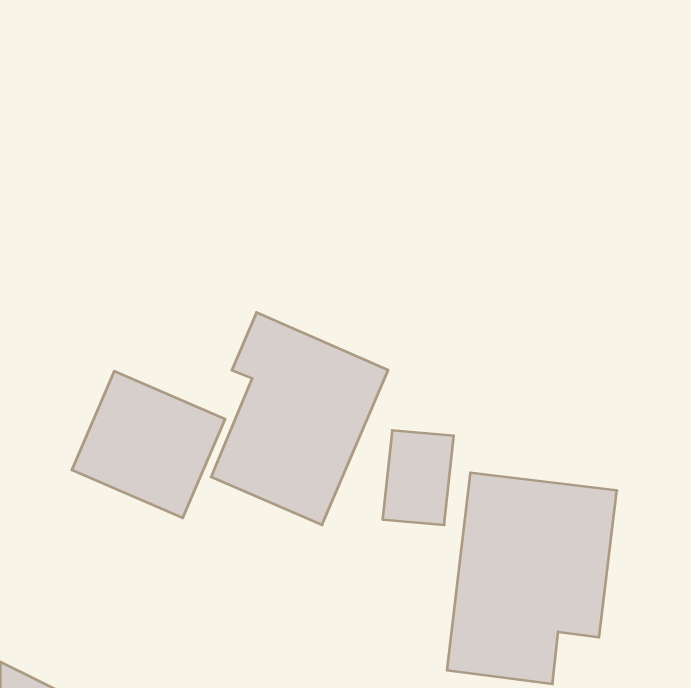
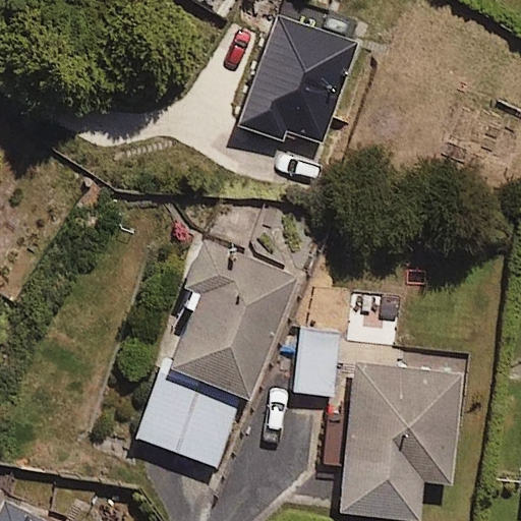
building: none -> [239,13,361,149]
building: [72,371,225,518] -> [132,363,246,472]

